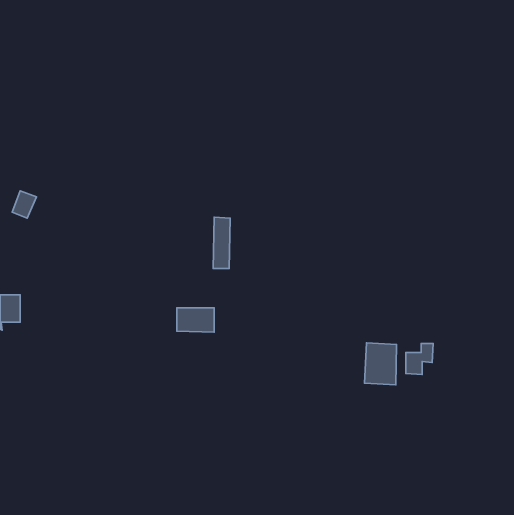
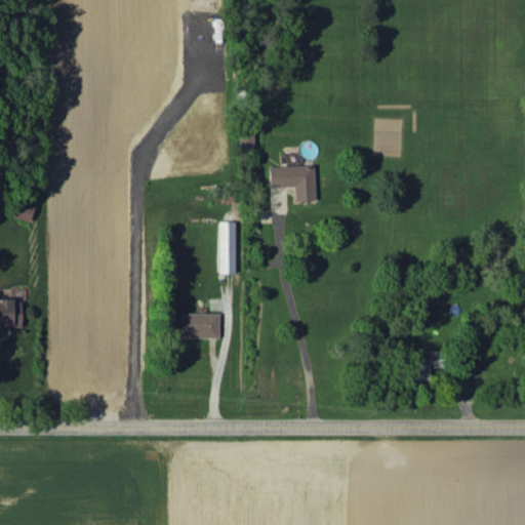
building: none -> [270,165,316,202]
building: [364,343,397,385] -> none

